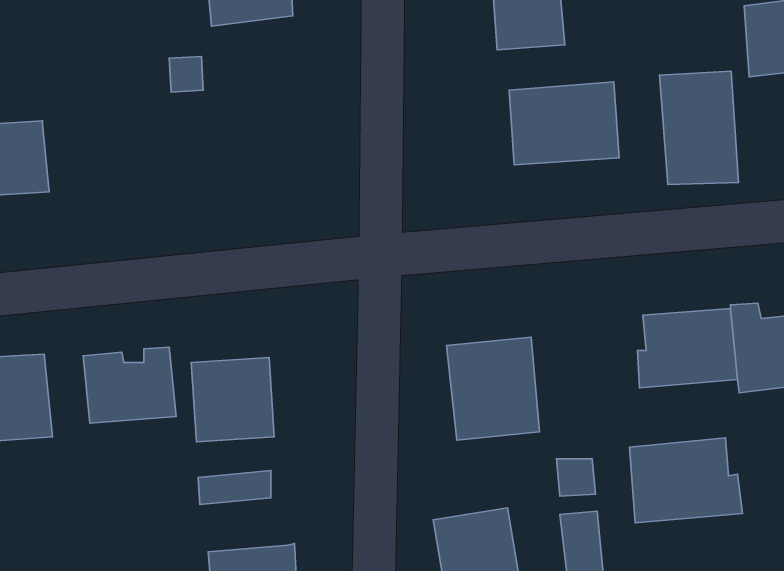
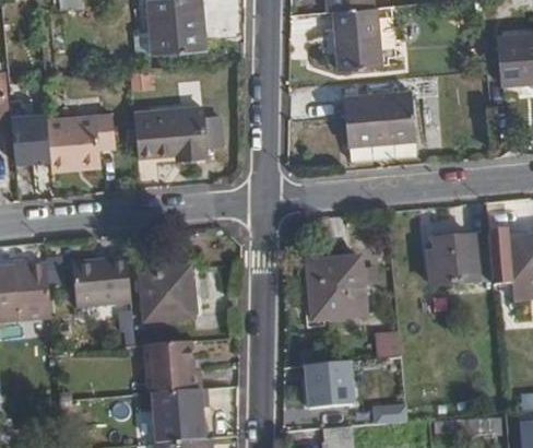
building: [659,71,738,184] -> none
building: none -> [133,105,204,156]
building: none -> [45,113,117,169]
building: [629,438,743,523] -> none
building: none -> [146,357,203,392]

